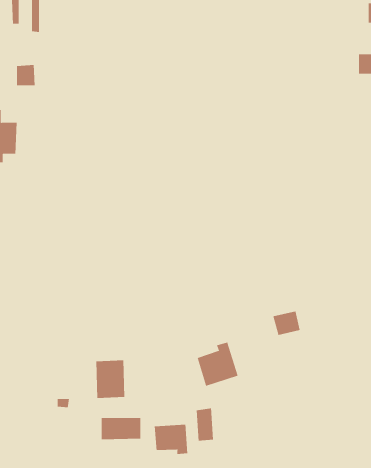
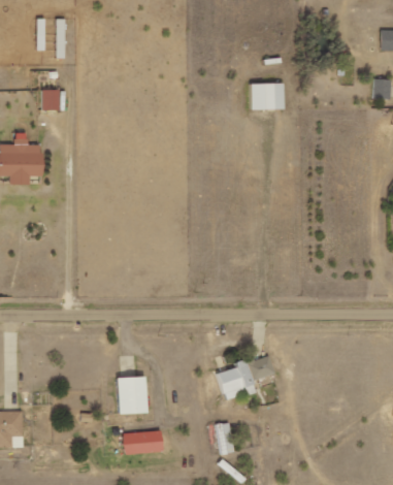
building: none -> [252,83,285,109]
building: [273,311,300,335] -> [249,355,275,379]
building: [154,424,188,455] -> none

